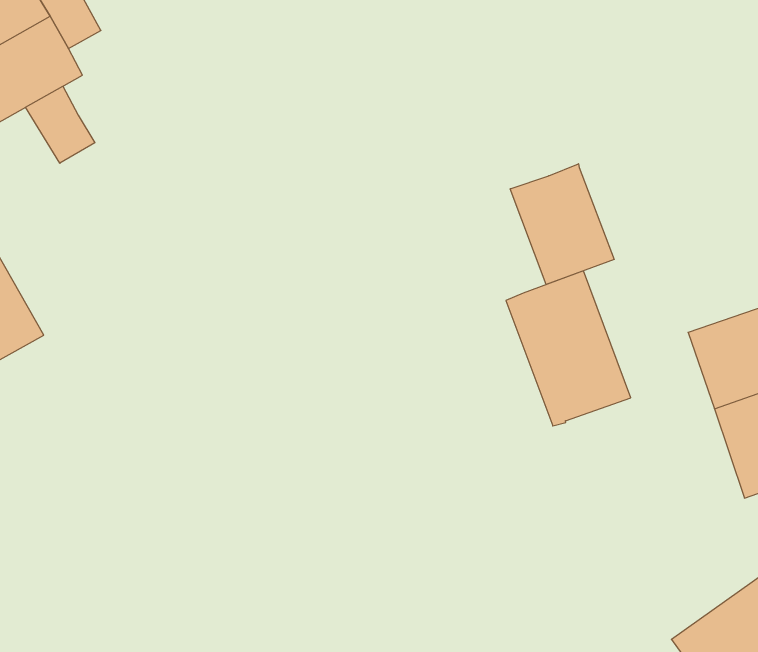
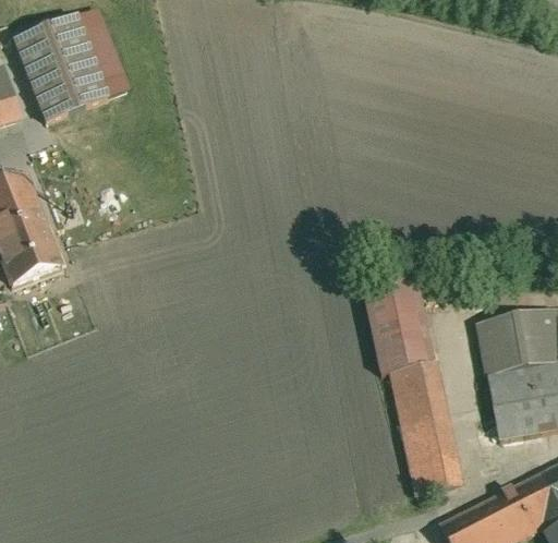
building: [26,86,95,163] -> none
building: [510,164,614,284] -> none
building: none -> [390,361,466,496]

